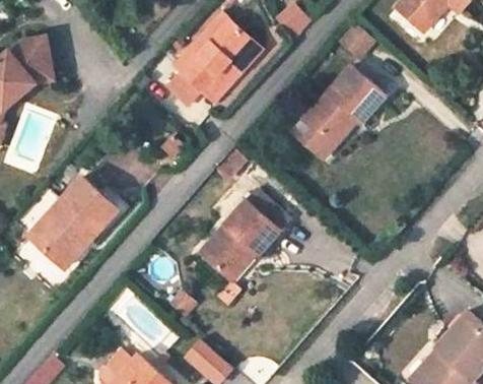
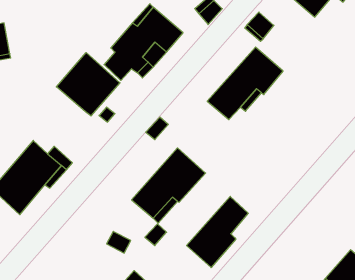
building: none -> [56,53,120,116]
building: none -> [187,196,248,268]

